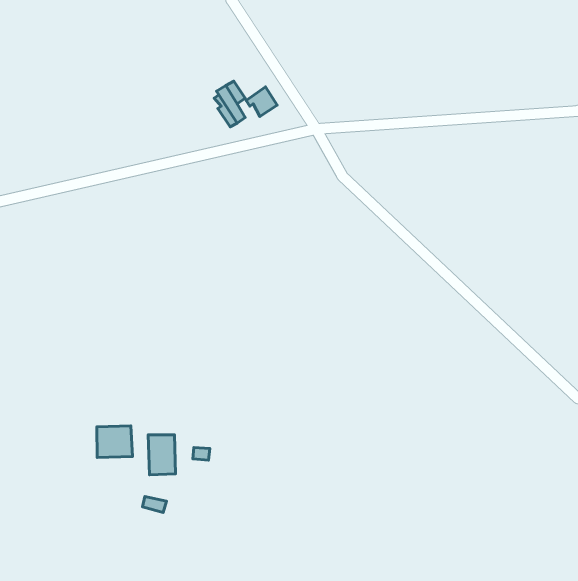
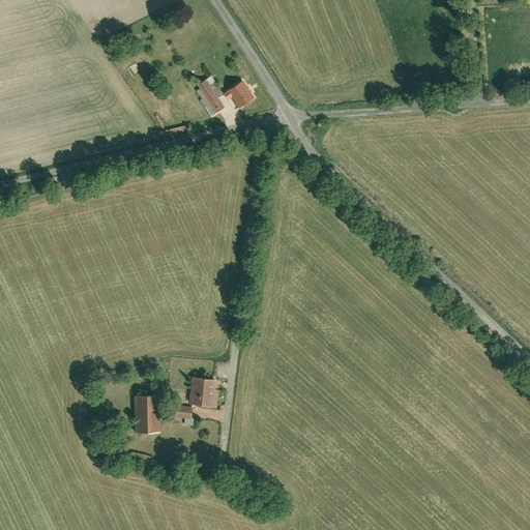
building: none -> [189,379,215,407]
building: [97,426,133,457] -> none

